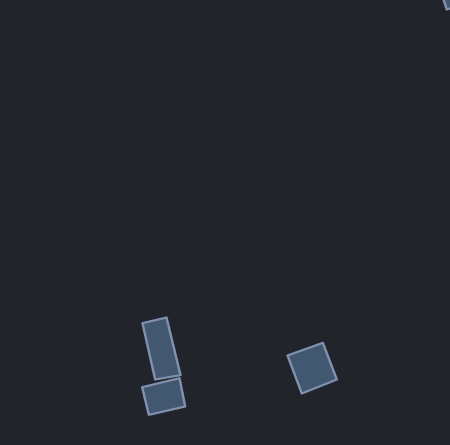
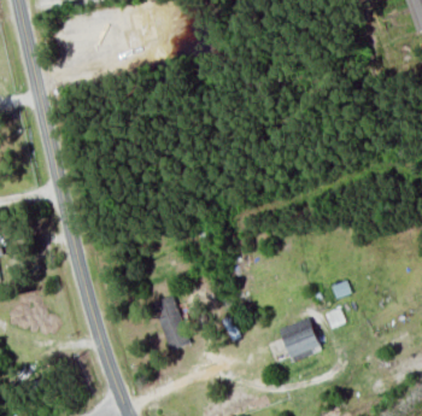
building: [142,378,185,415] -> none

